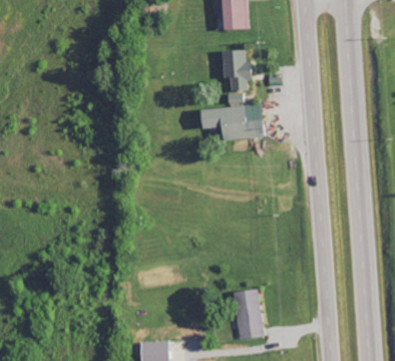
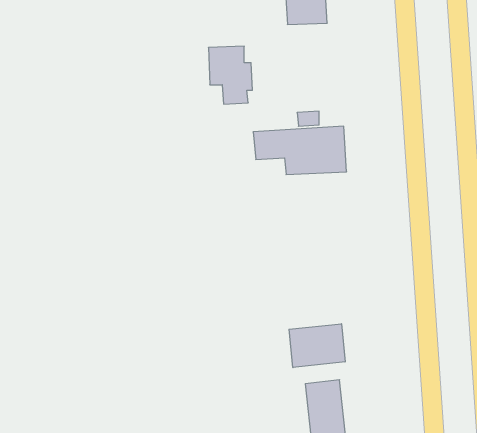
building: [220,49,252,91] -> [208,46,252,104]
building: none -> [289,324,345,368]

